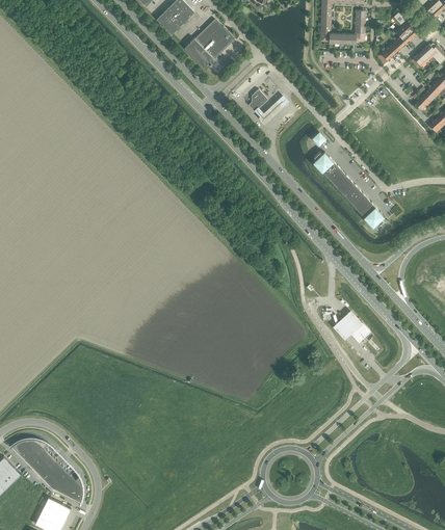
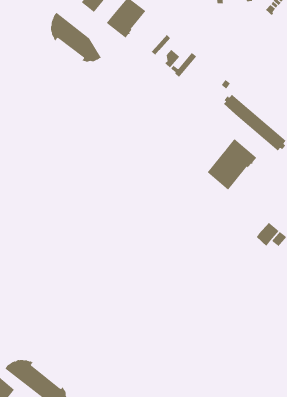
building: none -> [50,12,102,62]
building: none -> [207,138,257,191]

